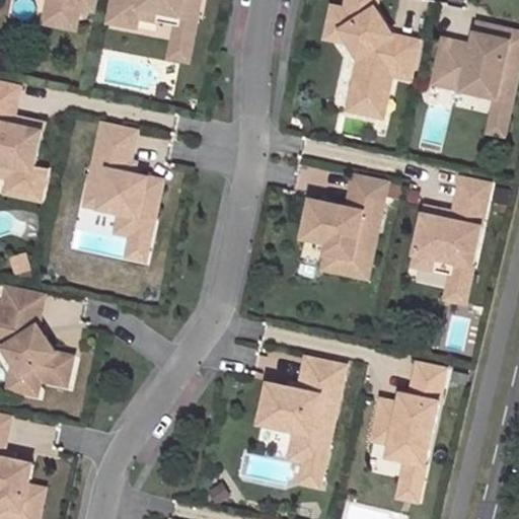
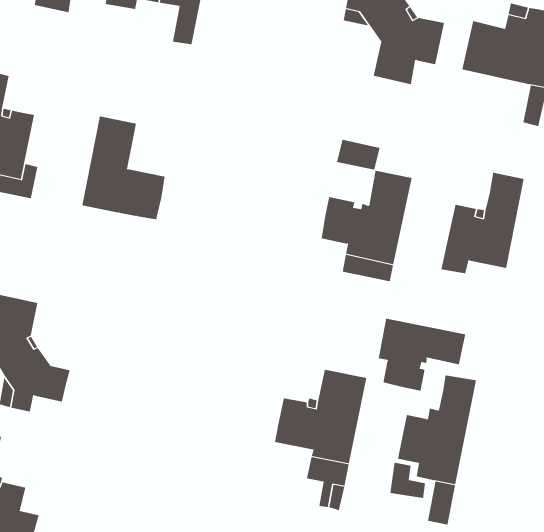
building: [345,88,385,117] -> [336,139,381,170]
building: [114,214,152,261] -> none
building: [435,257,472,302] -> none
building: none -> [378,318,466,391]

